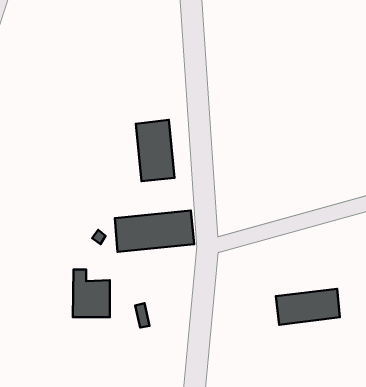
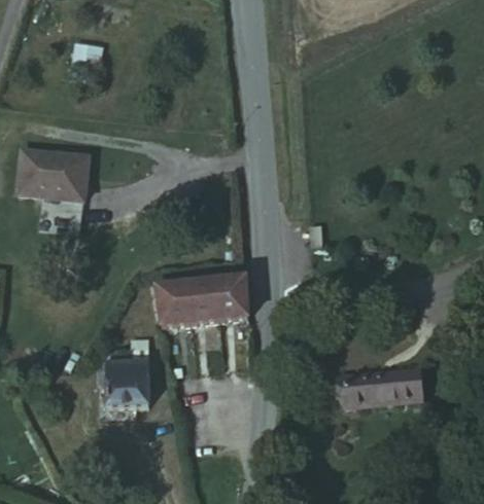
building: none -> [16,143,90,194]
building: [136,120,174,181] -> none

